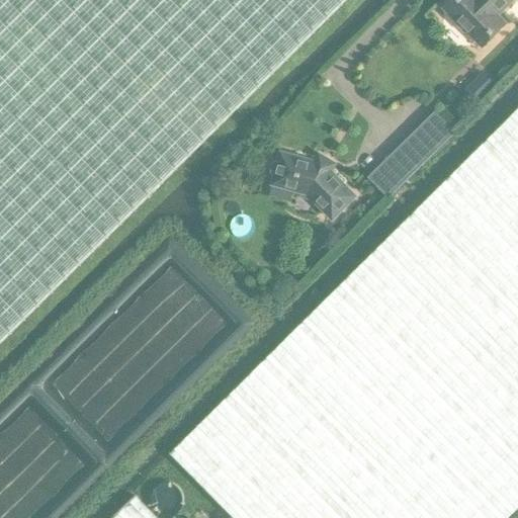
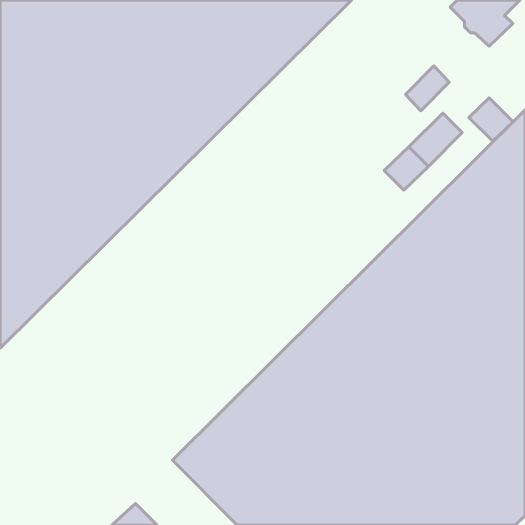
building: none -> [405,66,449,111]
building: none -> [469,98,513,141]
building: [270,153,355,219] -> none

